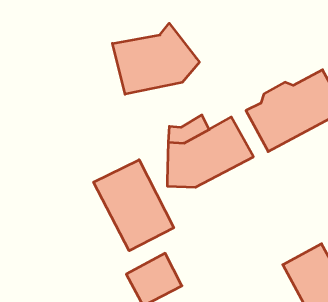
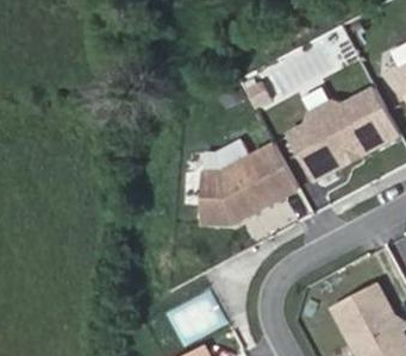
building: [112,23,199,94] -> none
building: [94,160,174,251] -> none

